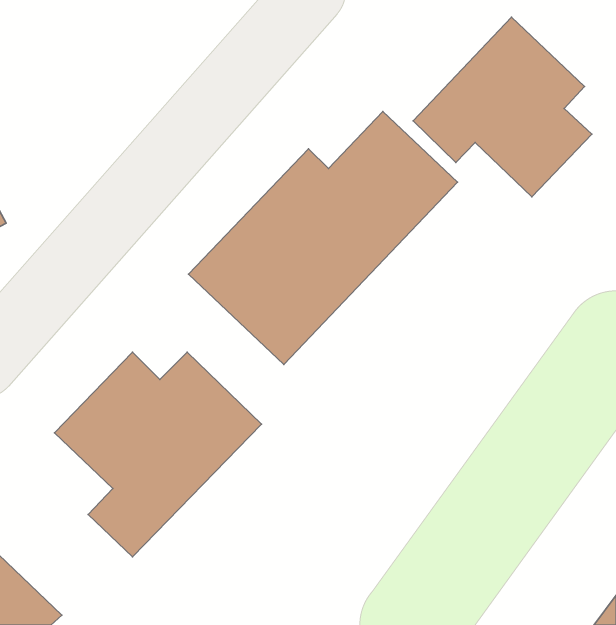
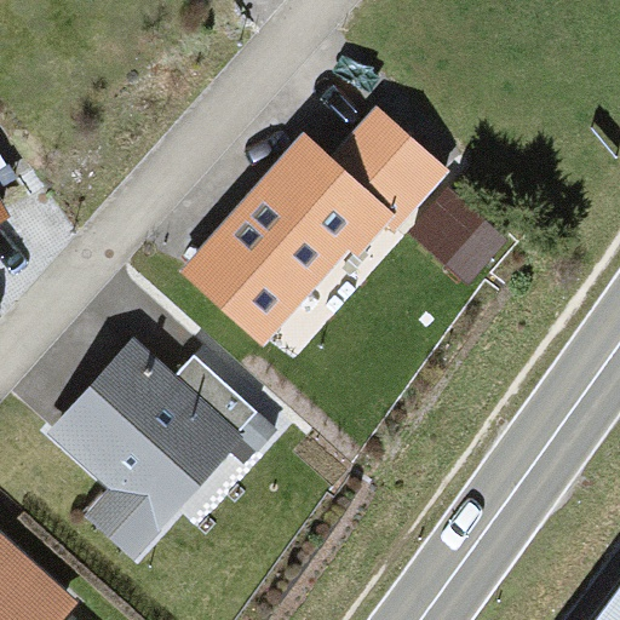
building: [413,17,592,197] -> none

